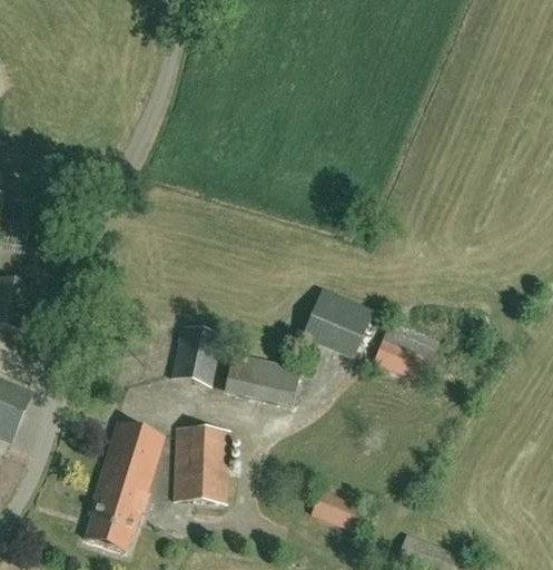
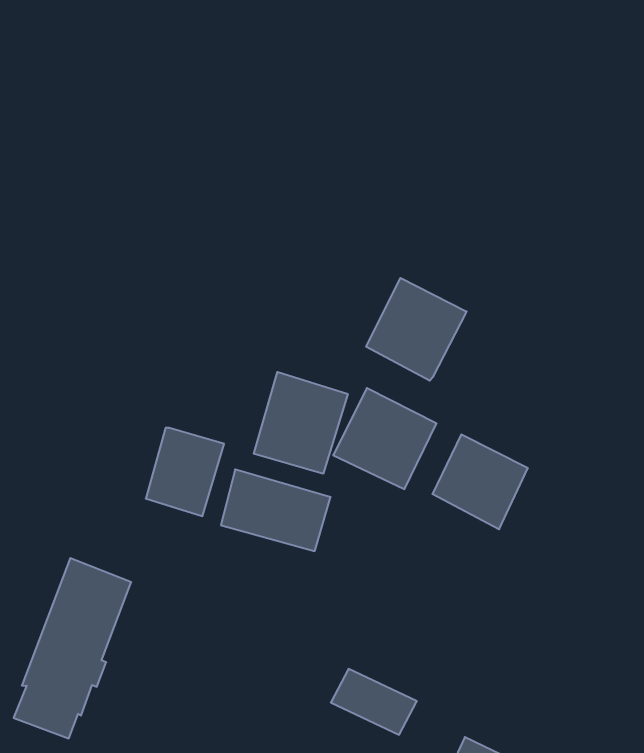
building: none -> [366,278,467,381]
building: none -> [254,372,348,474]
building: [172,425,230,503] -> none

